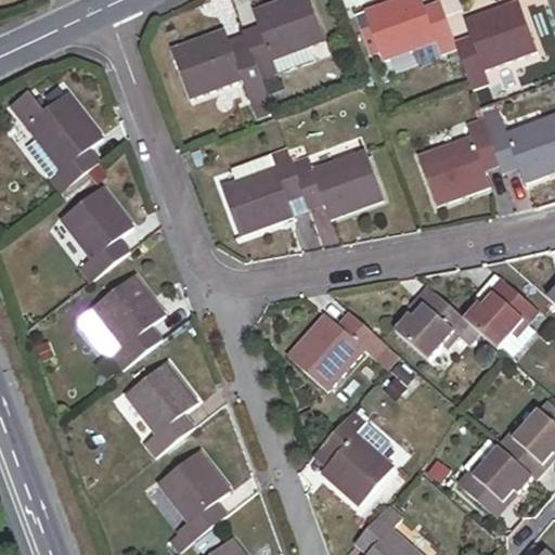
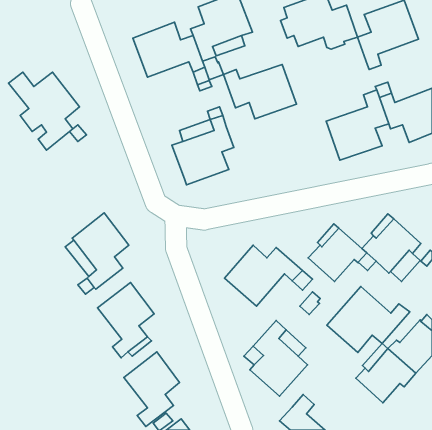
building: [289,149,383,218] -> [224,64,296,119]
building: [60,185,132,281] -> none
building: none -> [327,287,410,352]

